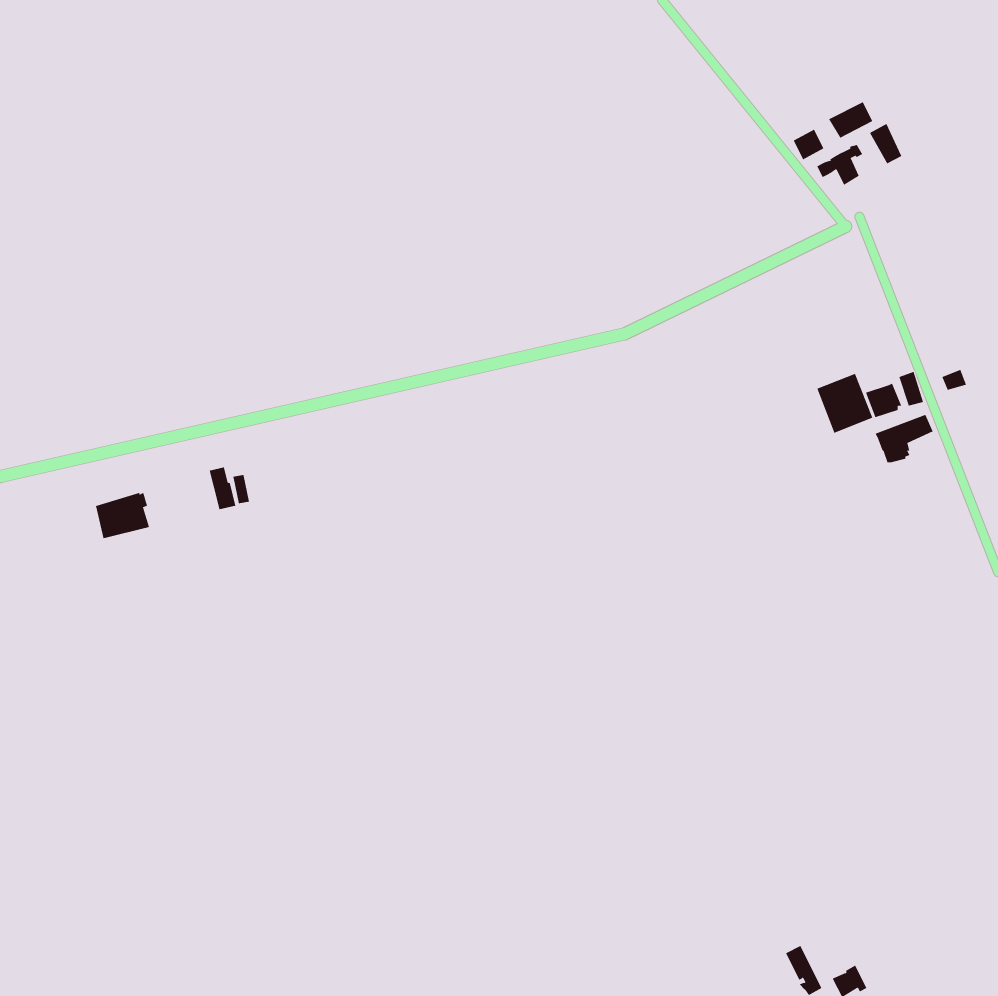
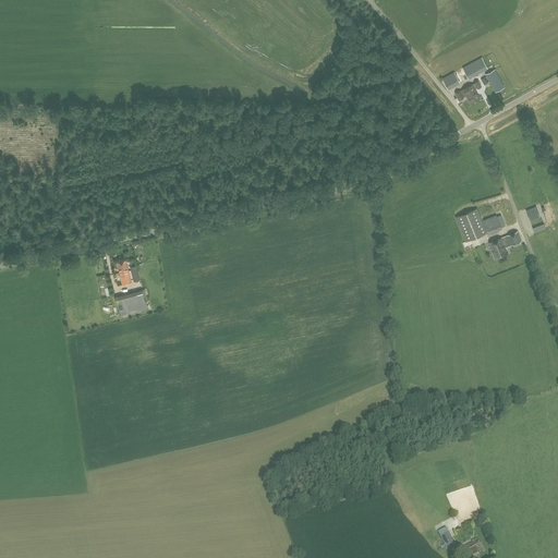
building: [95,492,150,539] -> [117,290,147,316]

